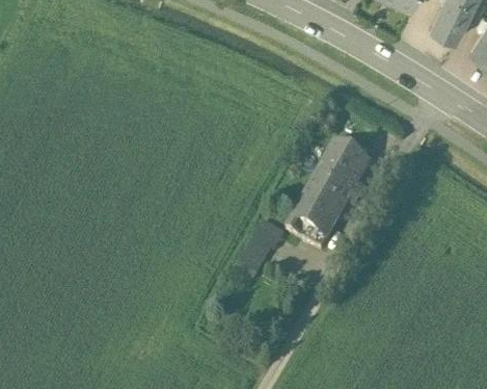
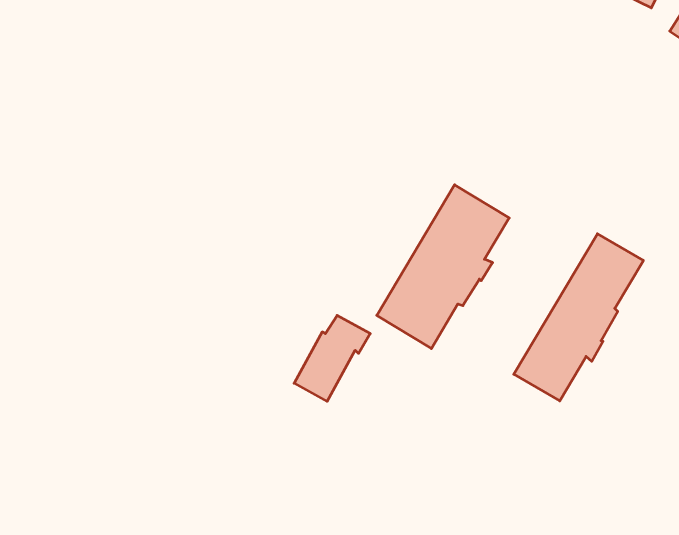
building: none -> [514,234,643,401]

